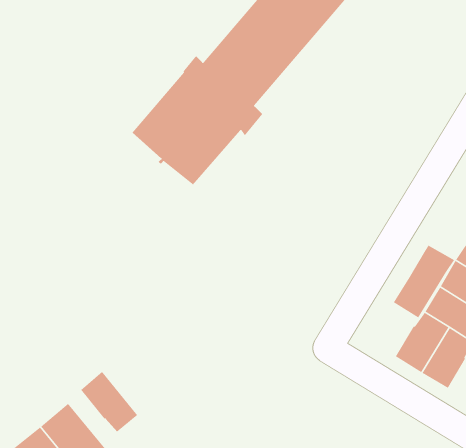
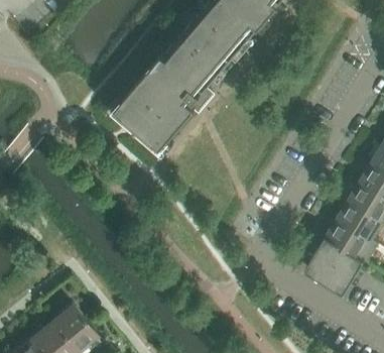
building: [393,244,455,319] -> none
building: [80,371,138,432] -> none

